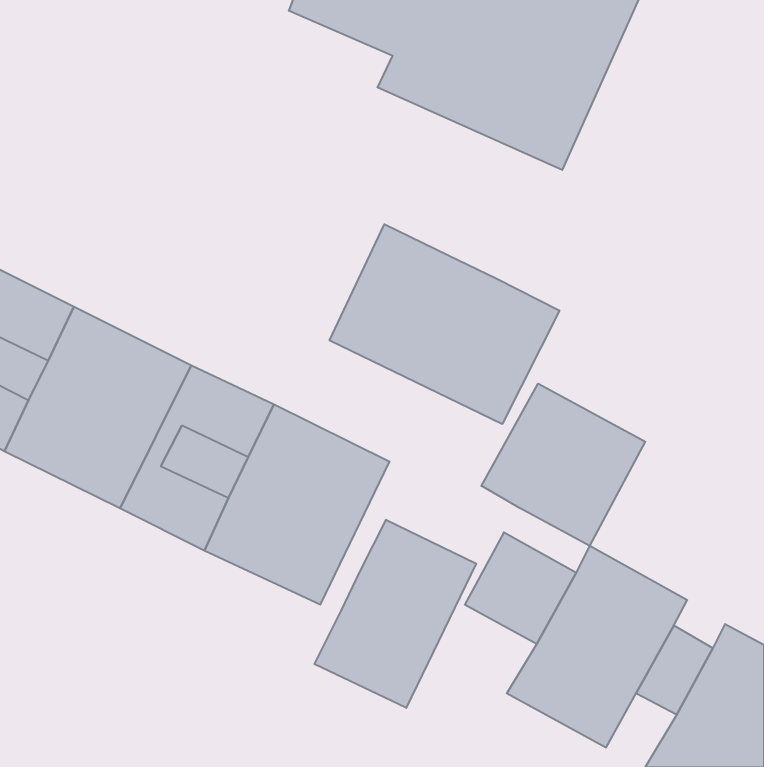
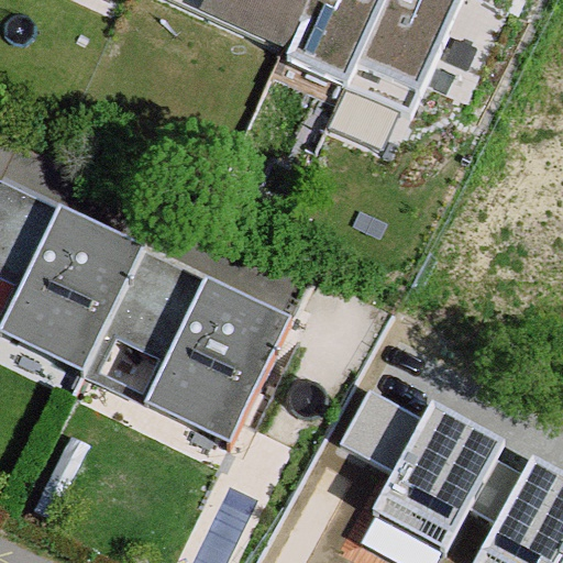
building: [330,224,559,424] -> none
building: [481,384,645,546] -> none
building: [314,520,476,708] -> none

